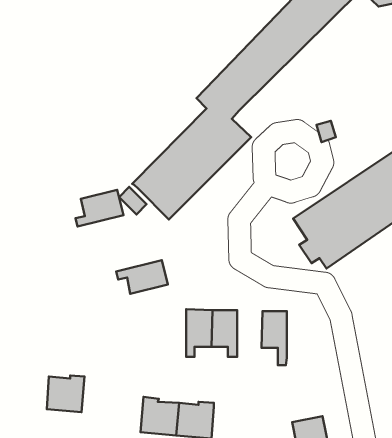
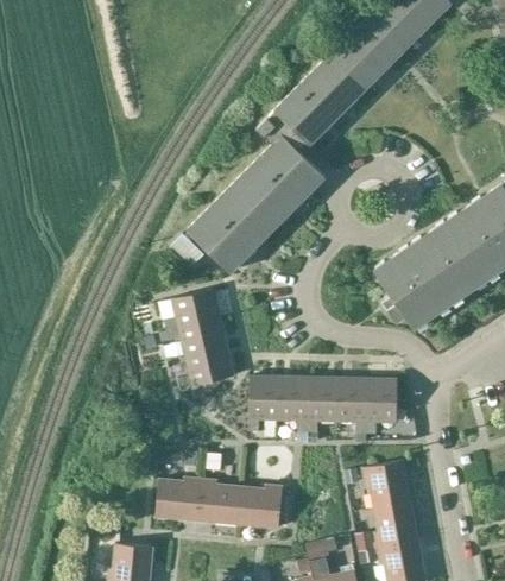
building: [76,190,123,226] -> [166,289,222,331]
building: none -> [179,347,236,389]
building: none -> [310,377,340,431]
building: none -> [368,378,399,432]
building: [47,376,85,412] -> [157,476,201,519]
building: none -> [362,461,410,507]

